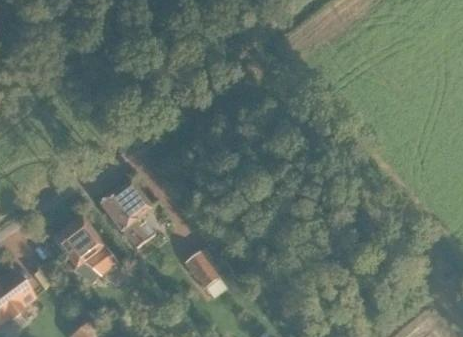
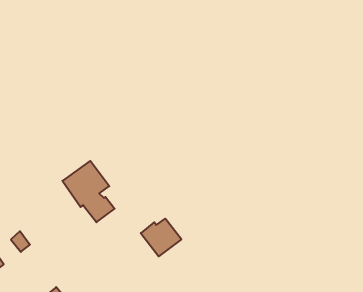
building: [51,215,115,274] -> none

